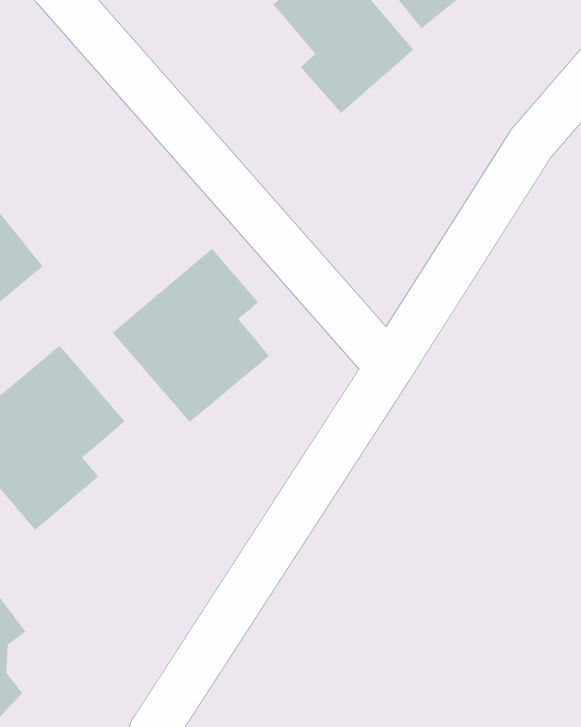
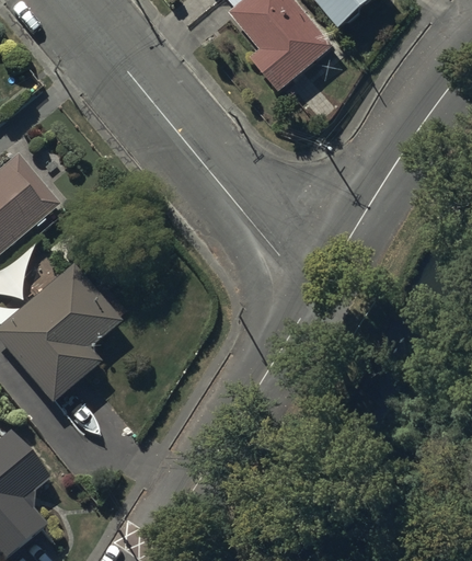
building: [112,248,270,423] -> none

